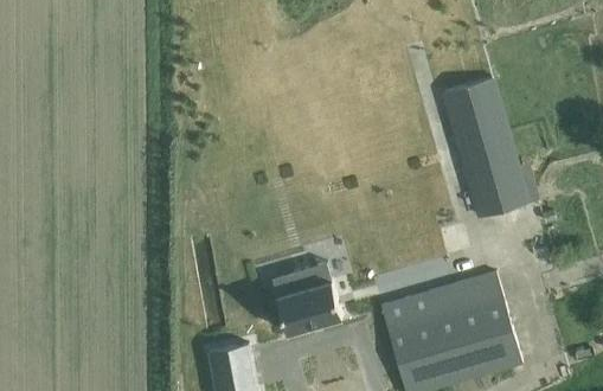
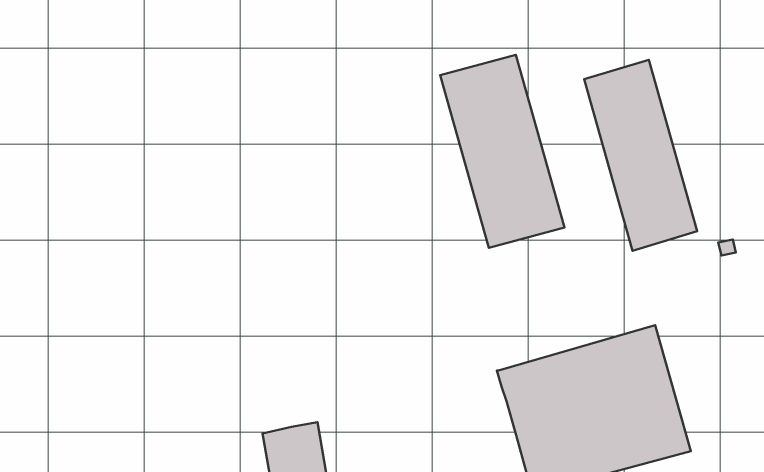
building: none -> [440,55,565,248]
building: [272,262,342,332] -> none

